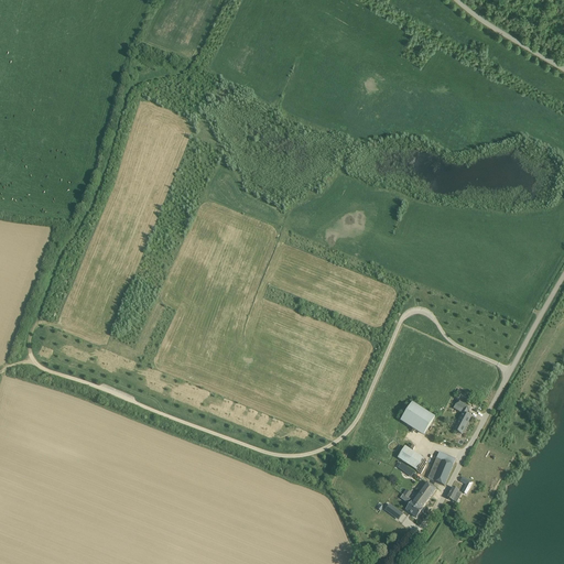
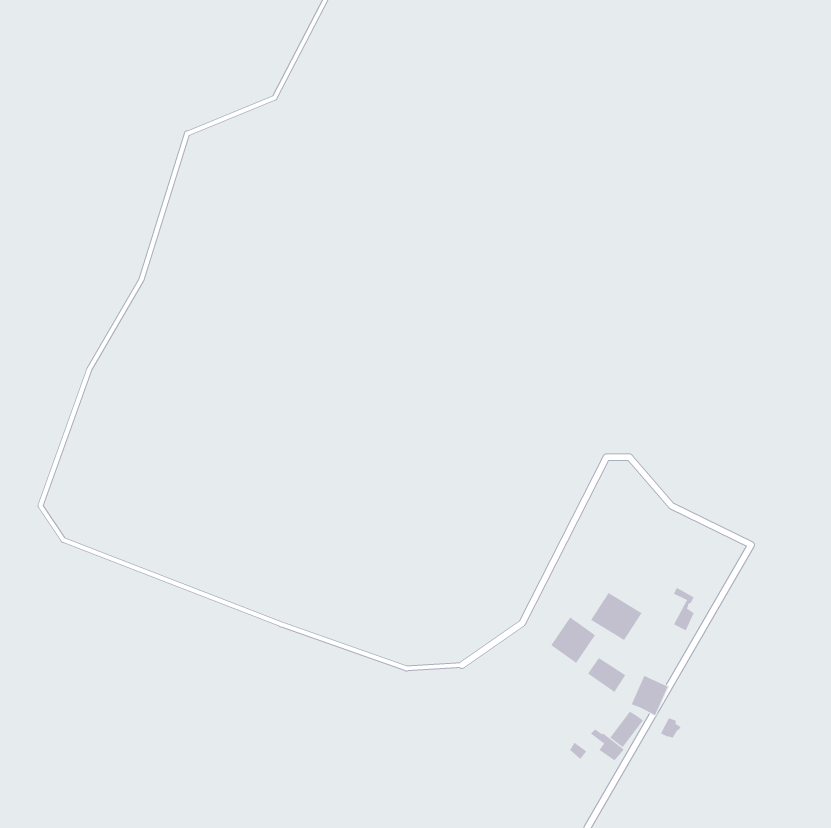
building: none -> [550,617,596,664]

